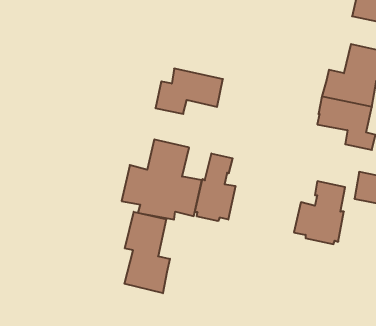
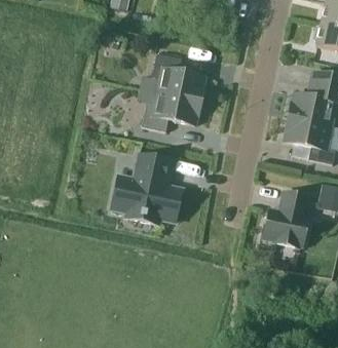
building: none -> [153,53,206,101]
building: [195,153,235,221] -> none
building: [124,212,170,293] -> none

